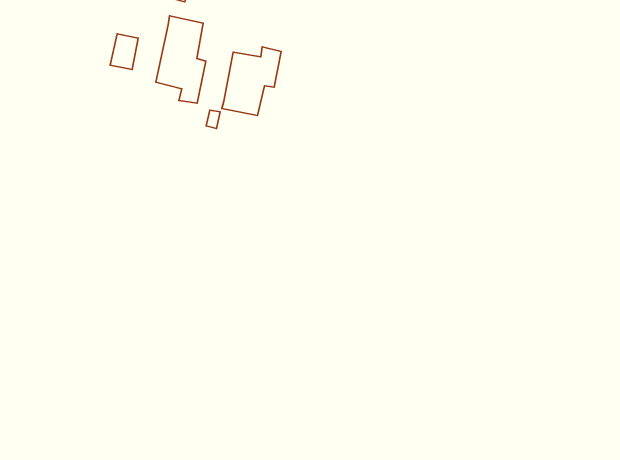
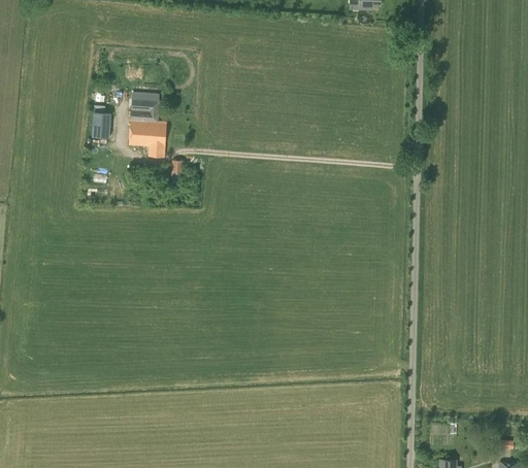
building: [222,47,281,115] -> none

